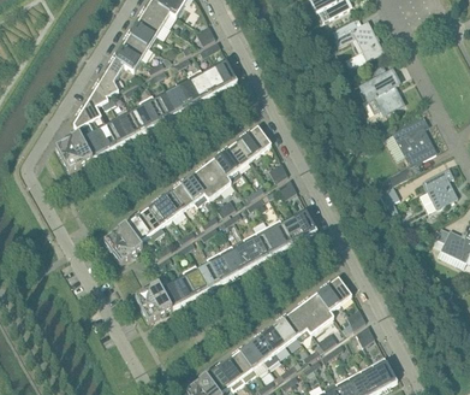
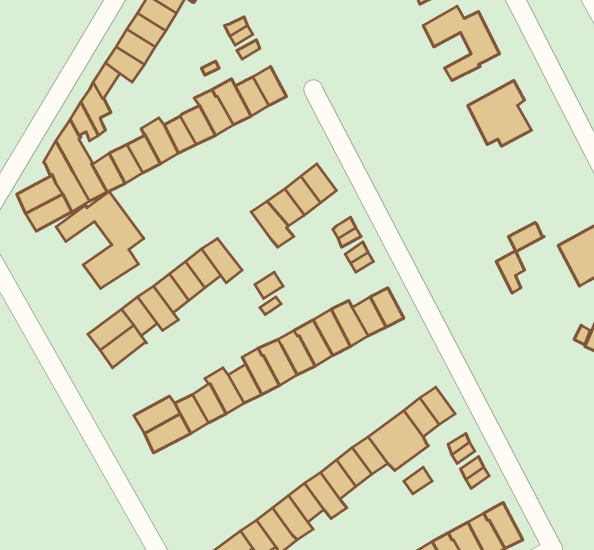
building: [386,117,435,165] -> none
building: none -> [56,191,144,288]
building: [191,158,232,199] -> none

